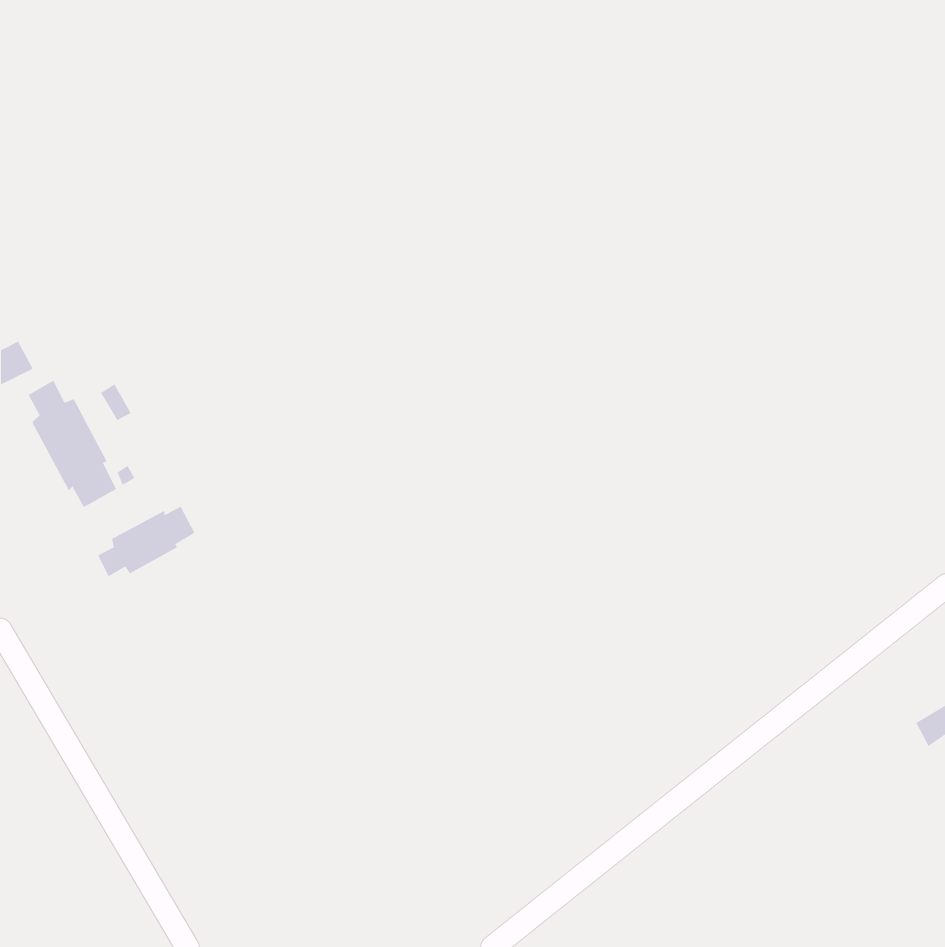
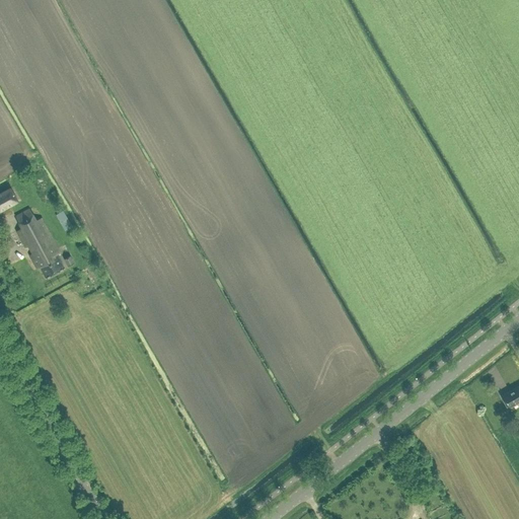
building: [97,506,195,577] -> none

